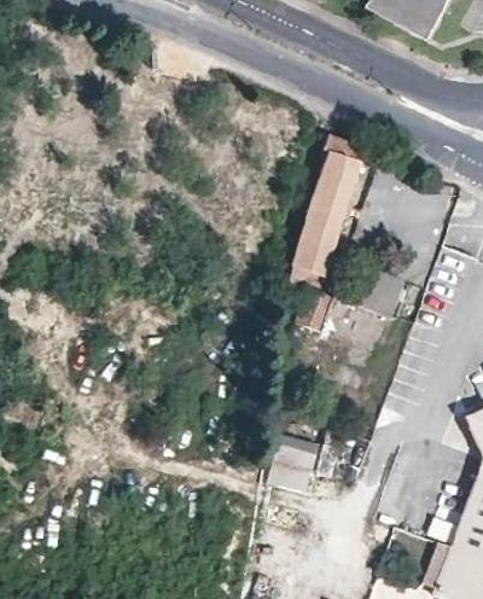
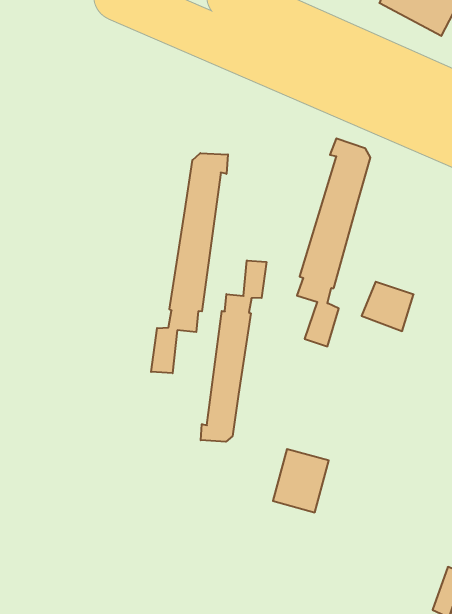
building: none -> [151,153,228,373]
building: none -> [201,260,266,442]

